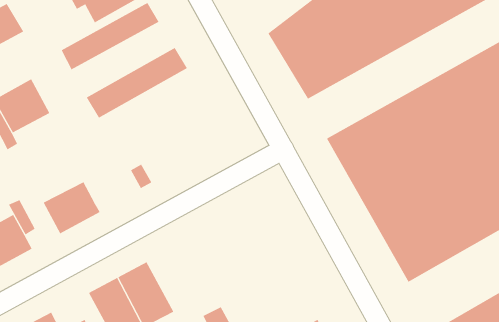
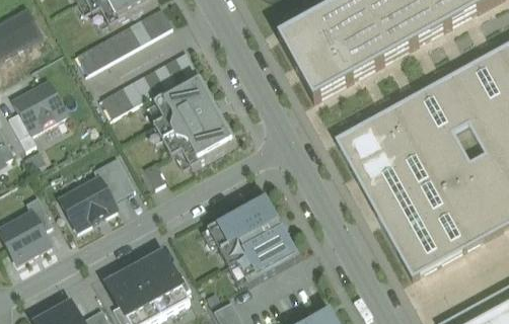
building: none -> [147,74,234,170]
building: none -> [95,156,135,200]
building: none -> [197,188,303,293]

